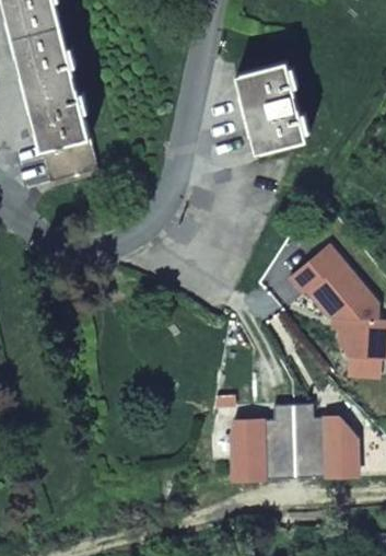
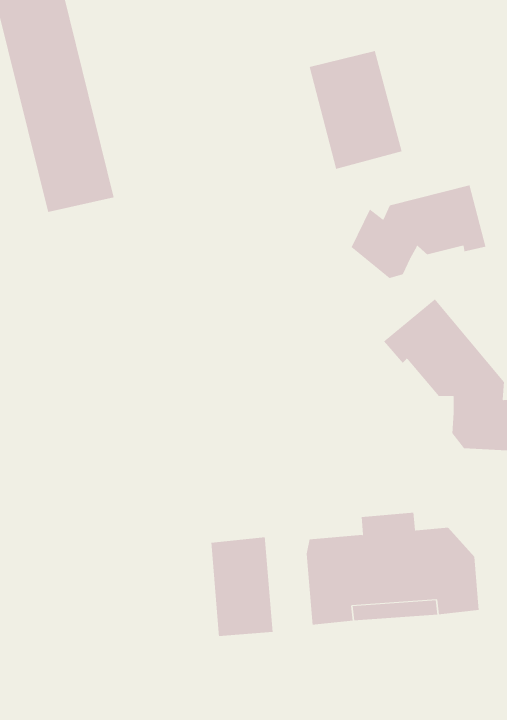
building: none -> [351,185,486,279]
building: none -> [211,537,273,637]

